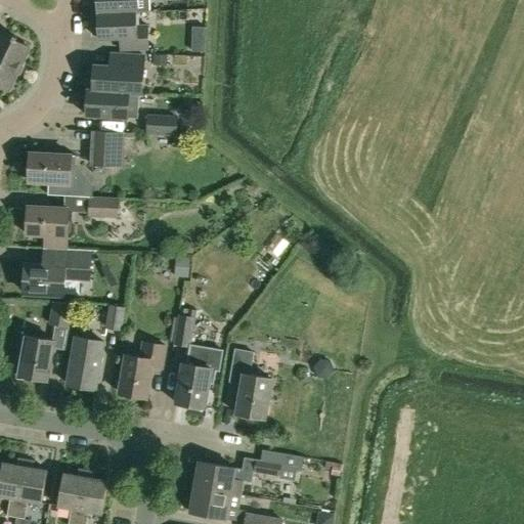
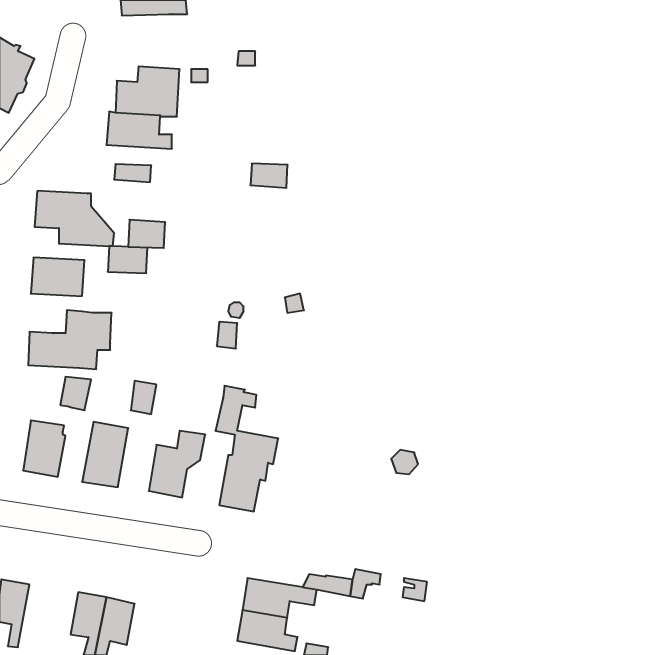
building: [97,11,147,50] -> none
building: [146,116,176,135] -> [250,164,288,188]
building: [90,143,120,166] -> [128,220,165,248]
building: [229,349,271,419] -> none
building: [14,467,46,519] -> none

